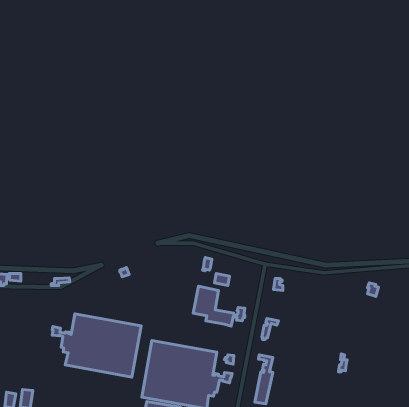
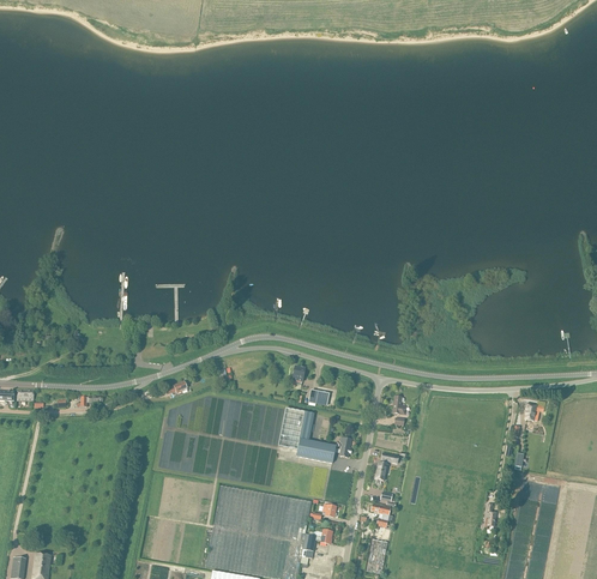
building: [52,314,141,377] -> none

